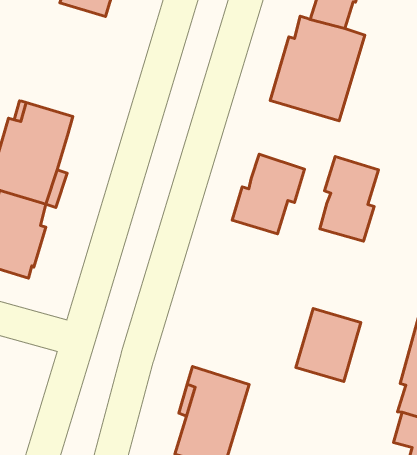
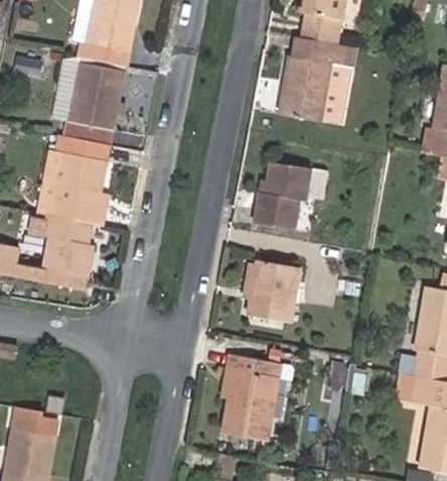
building: none -> [65,56,121,129]
building: [320,156,378,241] -> none
building: [296,309,361,381] -> [249,260,302,322]

